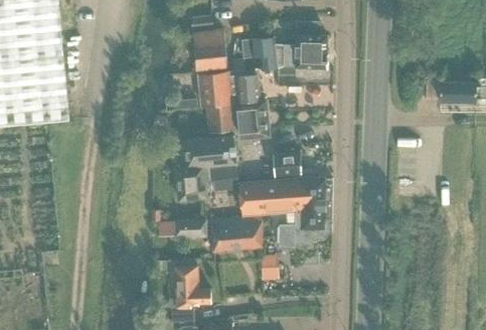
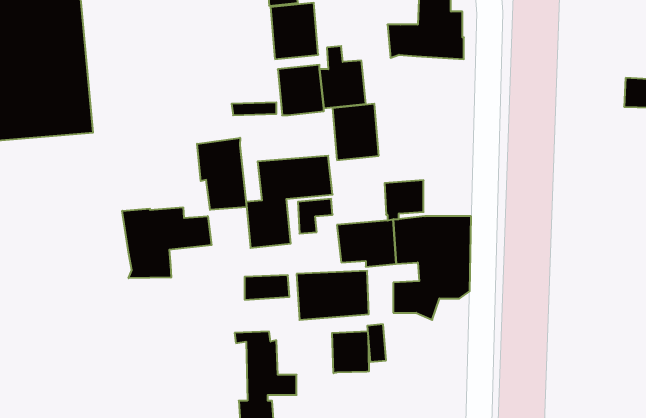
building: [240,40,276,69] -> none
building: [204,106,231,132] -> none
building: none -> [197,138,247,210]
building: none -> [122,207,212,278]
building: none -> [332,331,369,373]

